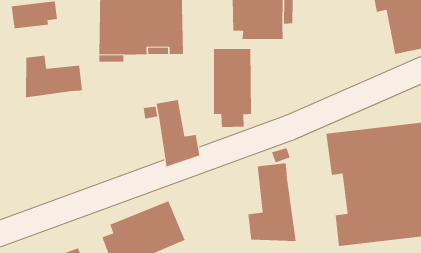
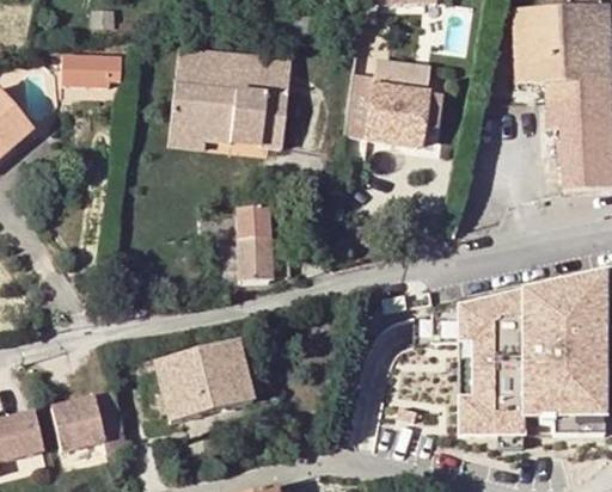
building: [214,48,252,128] -> none
building: [25,55,83,98] -> none
building: [248,163,296,242] -> none

